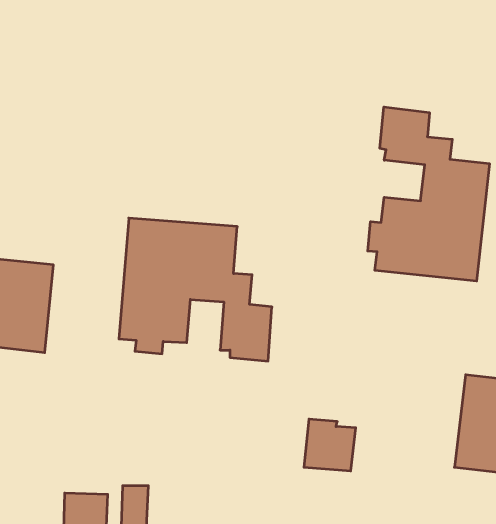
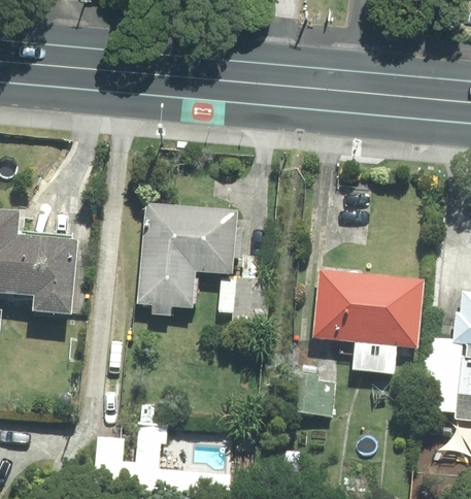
building: [368,107,489,281] -> none
building: none -> [312,267,425,373]

